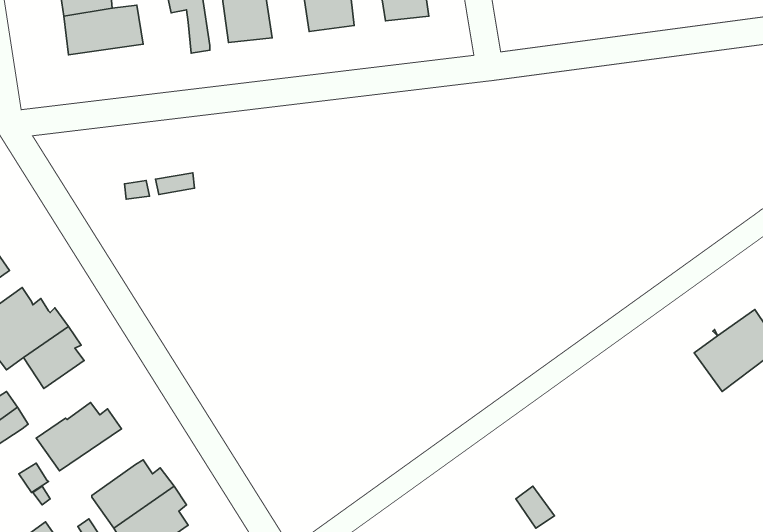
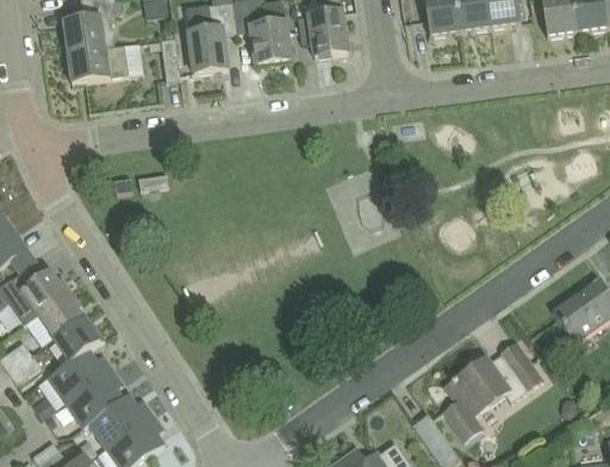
building: none -> [51,317,102,362]
building: none -> [441,342,541,441]
building: none -> [63,369,122,426]

